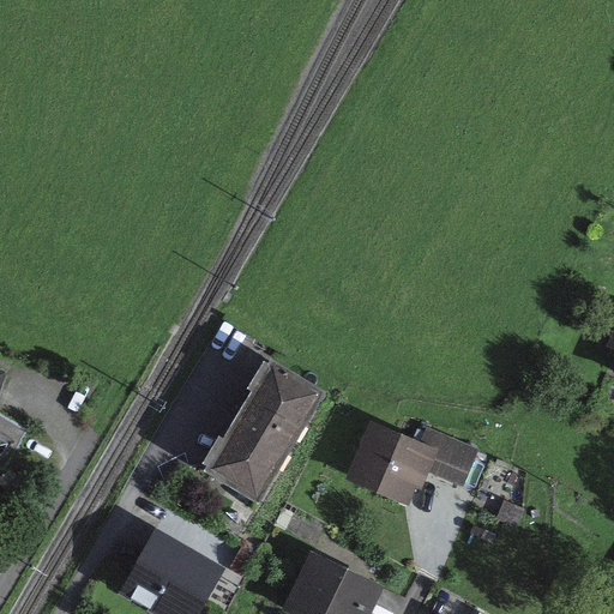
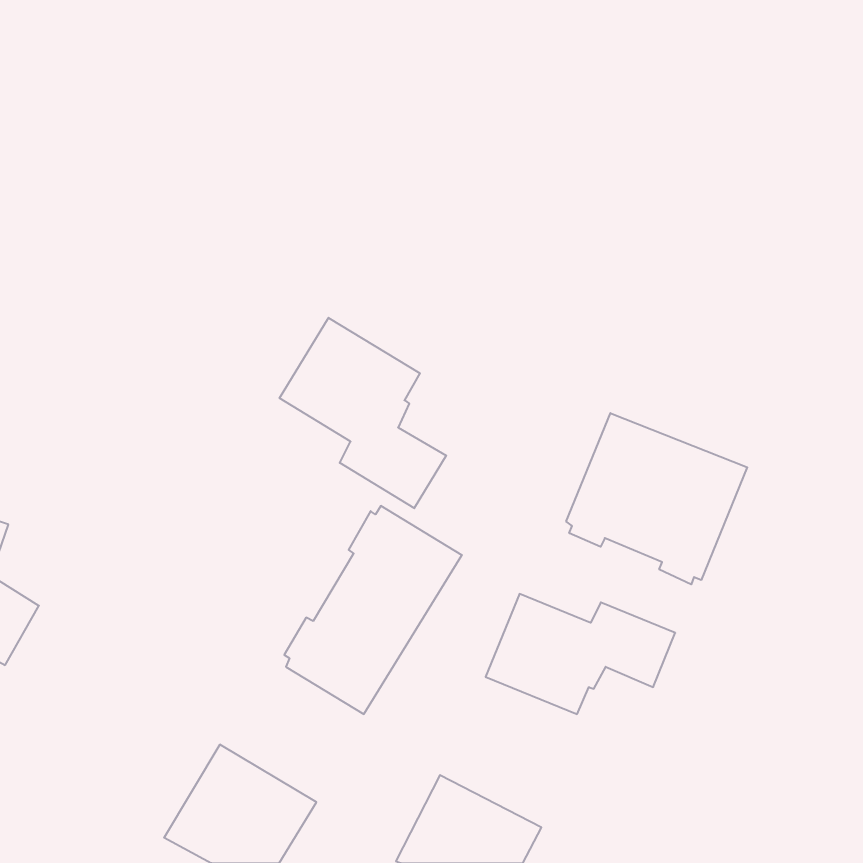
building: none -> [280,318,446,508]
building: none -> [566,413,747,584]

